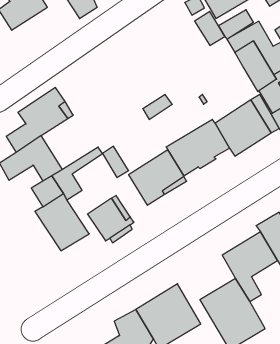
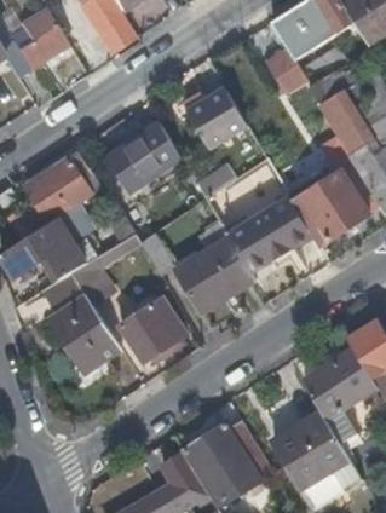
building: none -> [185,86,247,148]
building: none -> [106,120,180,191]

